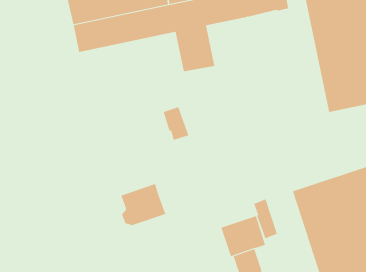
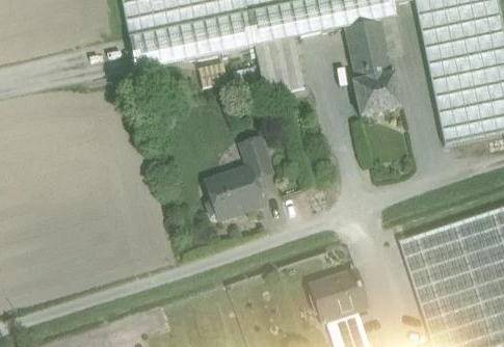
building: none -> [345,18,402,115]
building: [120,184,166,226] -> [207,166,263,218]
building: [253,199,278,239] -> none

